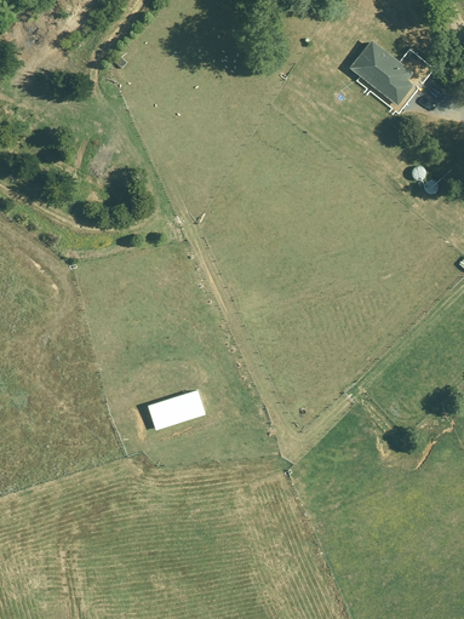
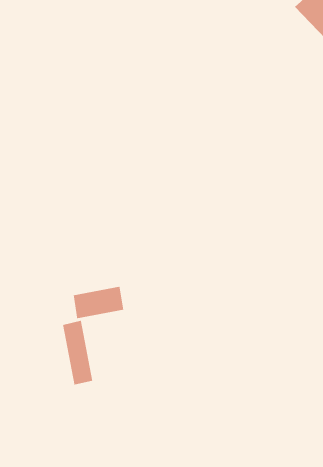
building: none -> [62,320,93,386]

